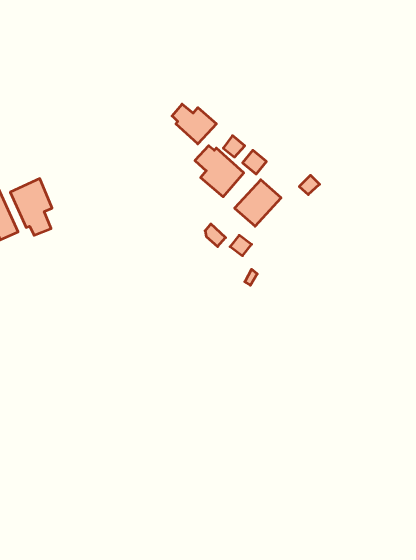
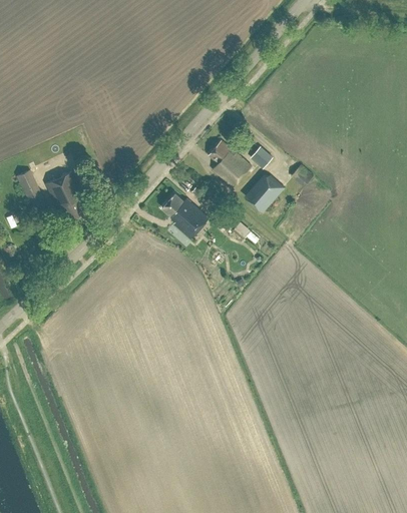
building: [172,104,216,144] -> none
building: none -> [162,193,210,238]

